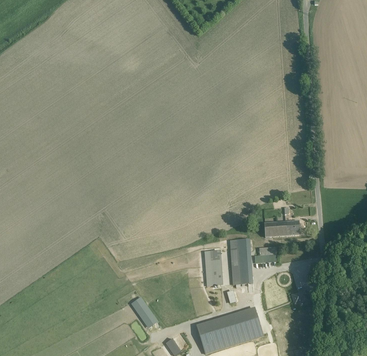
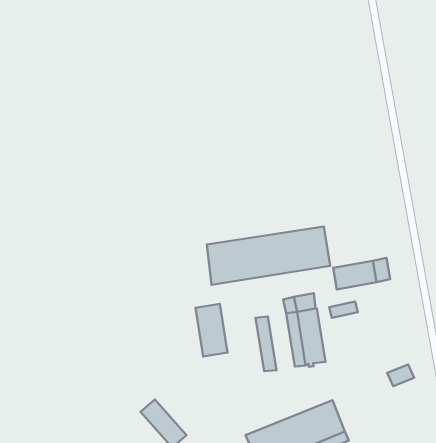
building: none -> [207,226,330,285]
building: none -> [195,304,228,357]

